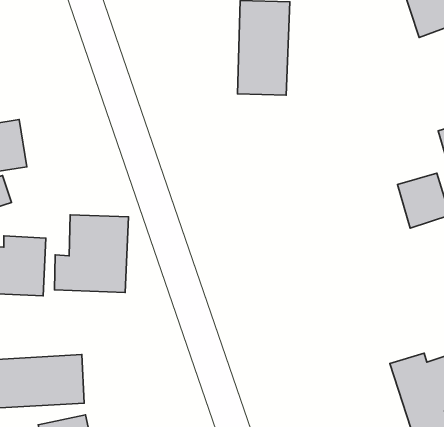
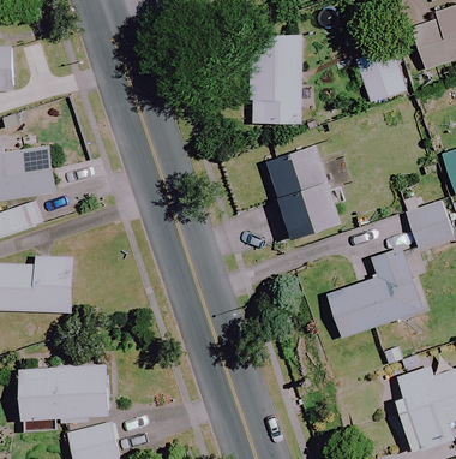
building: none -> [355,50,404,102]
building: none -> [266,145,341,238]
building: [55,215,128,293] -> none
building: none -> [326,248,420,336]

